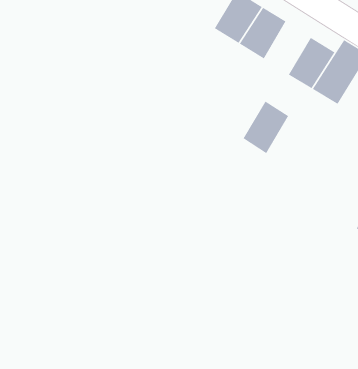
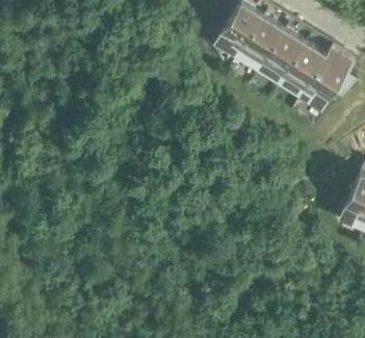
building: [243,100,289,154] -> [262,32,303,79]

